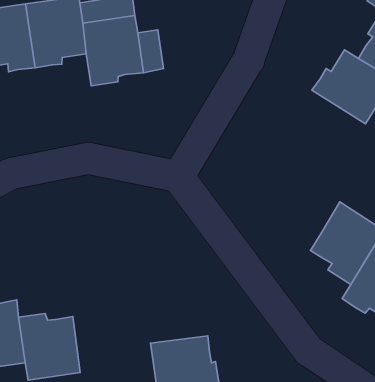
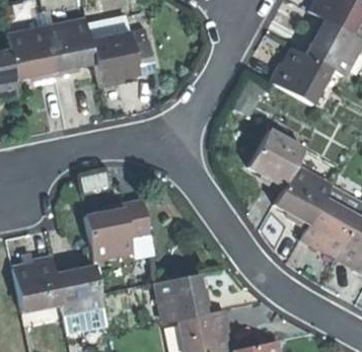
building: none -> [249,129,306,191]
building: none -> [86,199,150,258]

